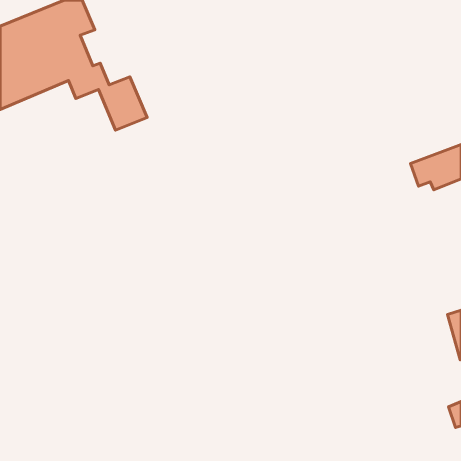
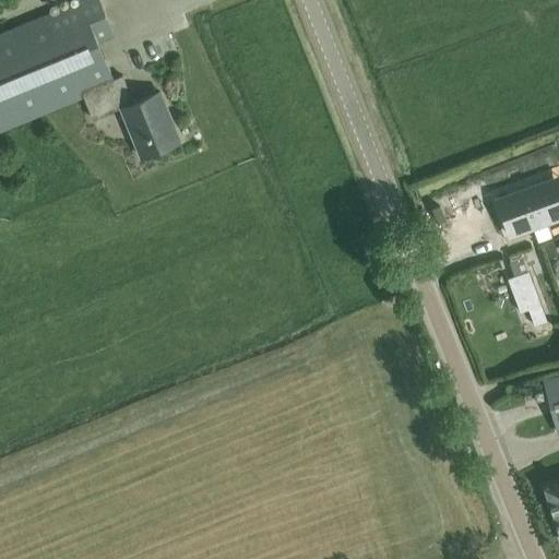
building: none -> [509,272,548,328]

